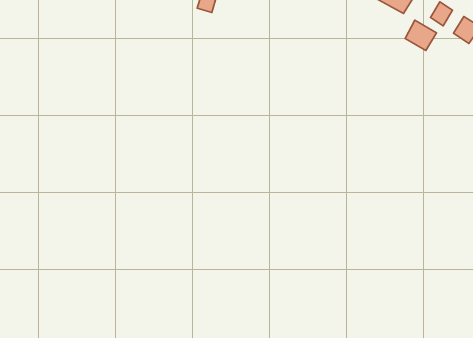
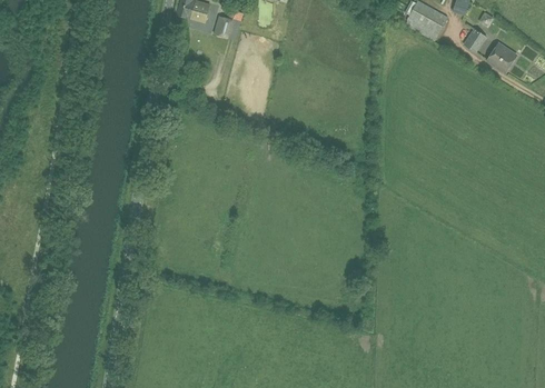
building: [405,20,436,50] -> none

